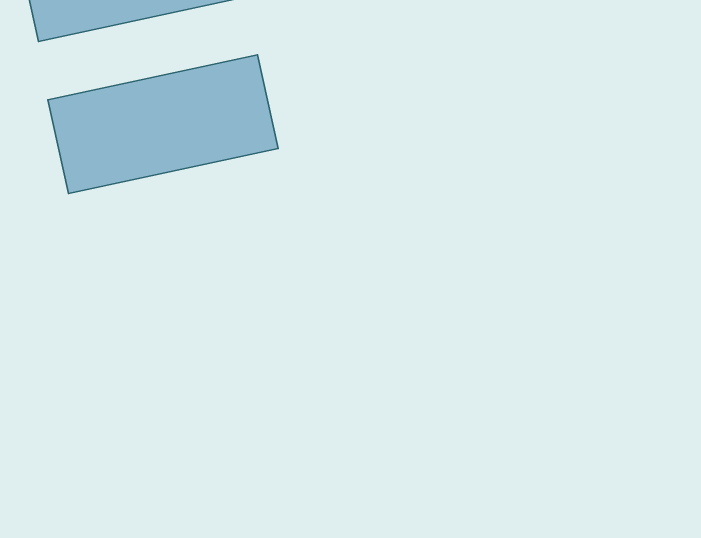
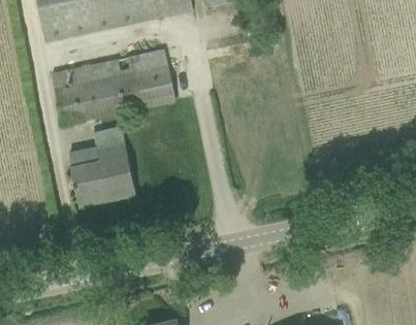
building: none -> [72,127,134,201]

